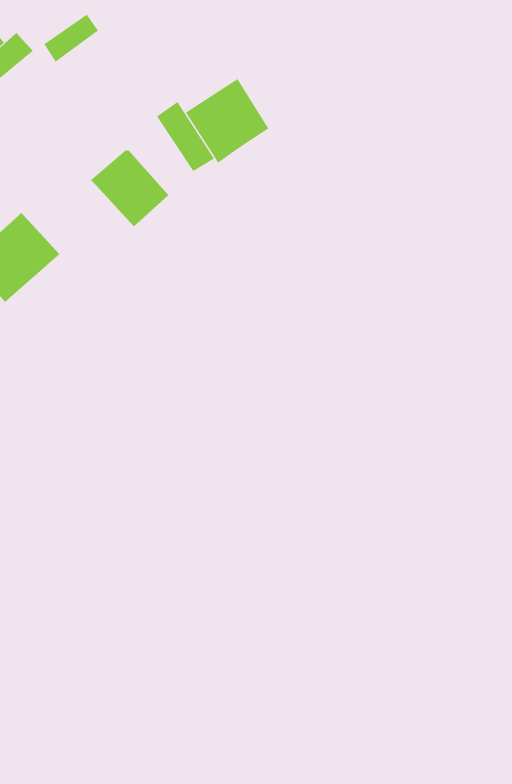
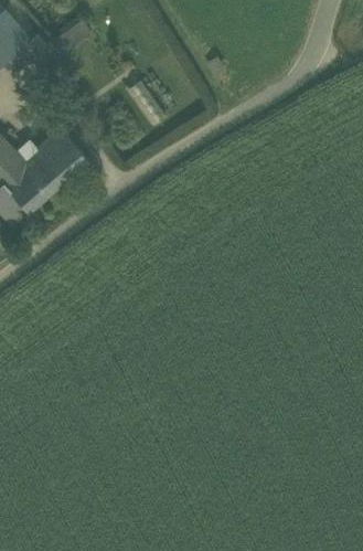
building: [185,78,269,164] -> none
building: [90,150,169,227] -> [36,129,88,180]

